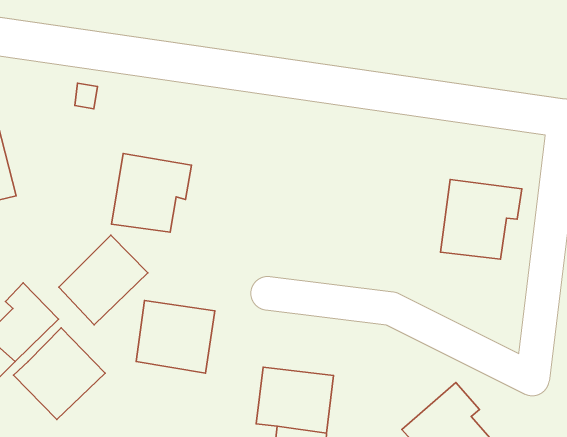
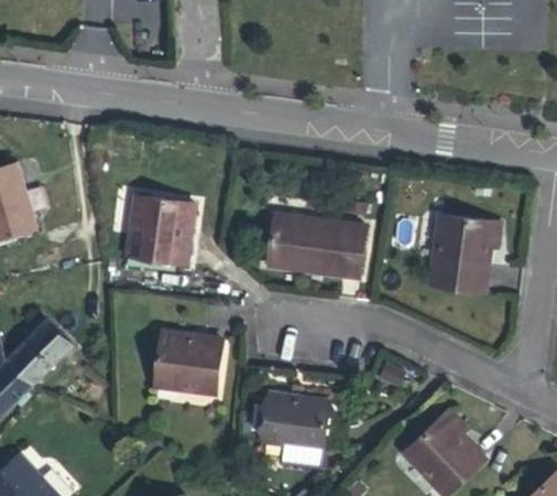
building: none -> [273,211,364,278]
building: [59,235,148,325] -> none
building: [13,328,105,420] -> none

